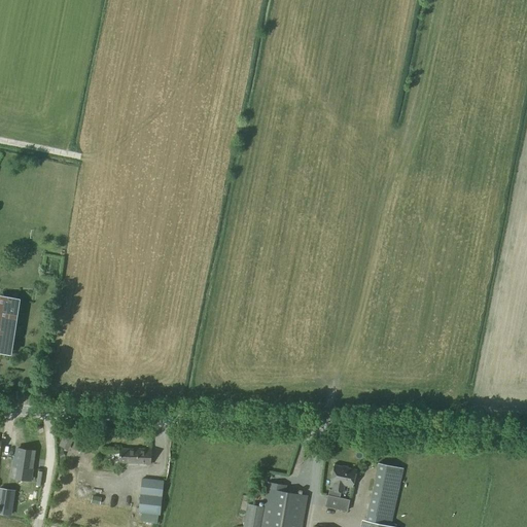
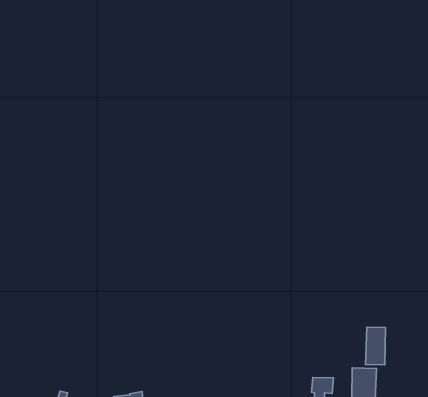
building: none -> [365,327,385,365]

